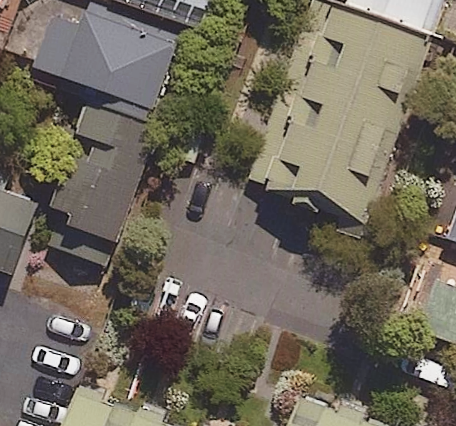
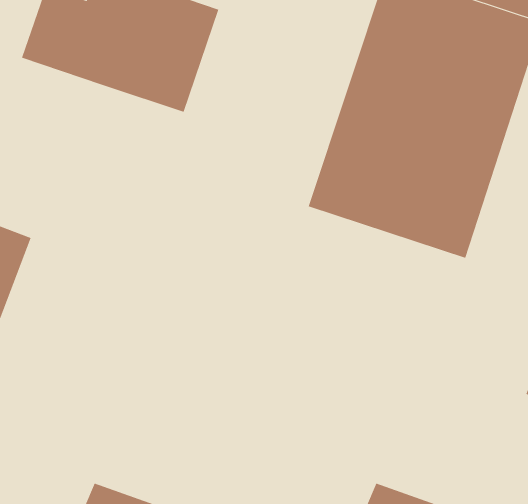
building: [41,88,164,264] -> none

